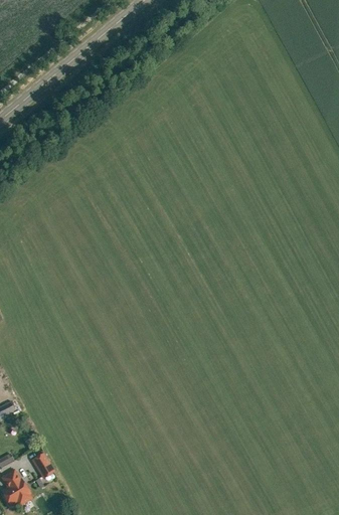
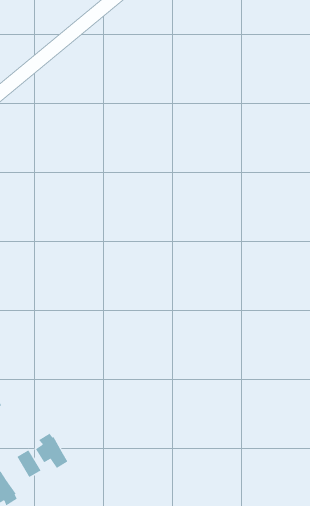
building: none -> [35,433,68,469]

